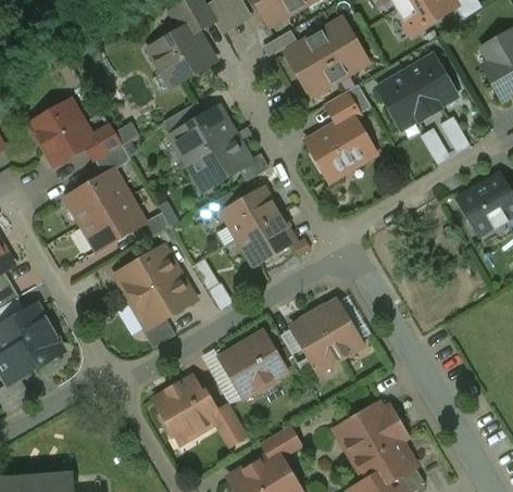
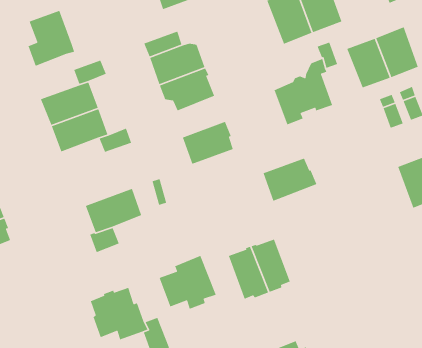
building: [85,122,122,161] -> none
building: [236,214,296,266] -> [262,157,318,202]
building: [123,245,178,300] -> none

